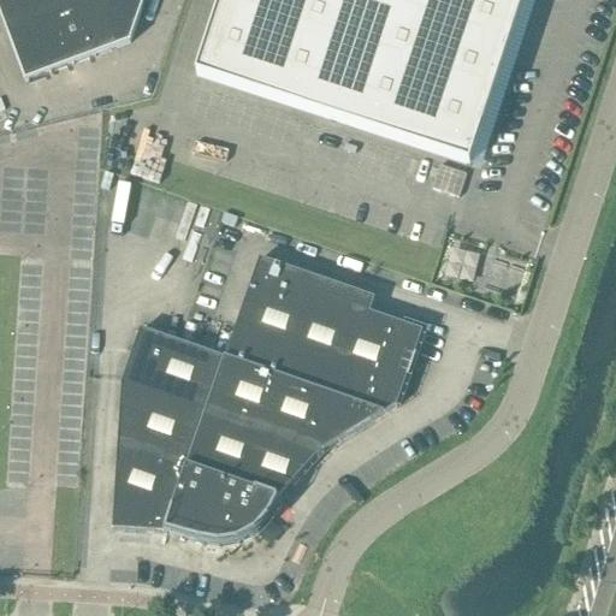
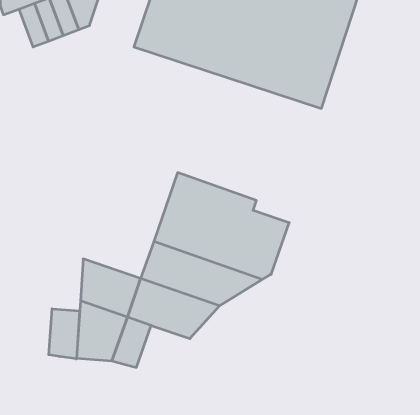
building: [5,13,48,77] -> none
building: [122,324,225,408] -> none
building: none -> [49,309,80,359]
building: [200,476,278,540] -> none

